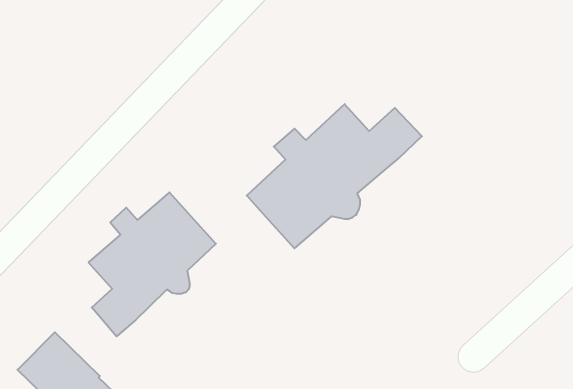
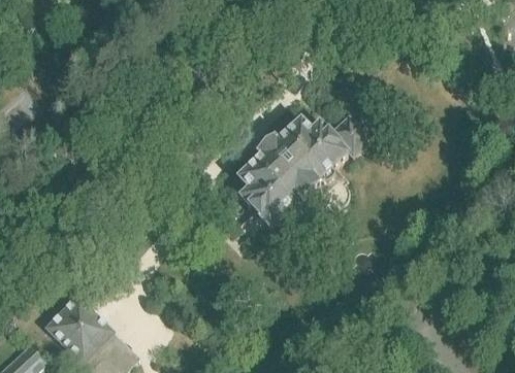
building: [89,192,216,336] -> none

